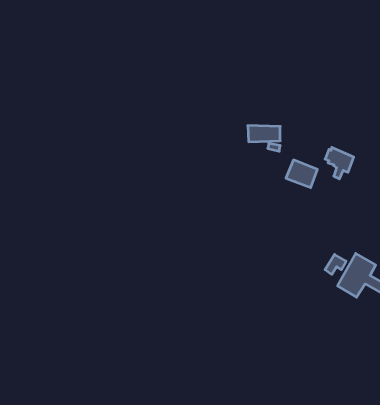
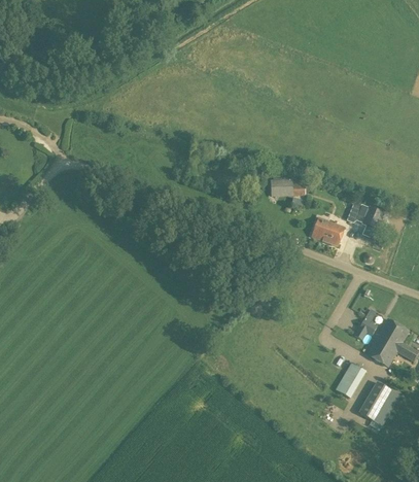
building: none -> [334,363,363,398]
building: none -> [358,382,395,427]

